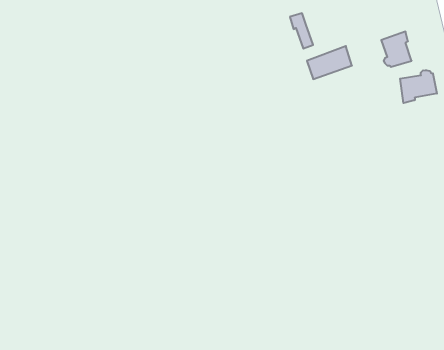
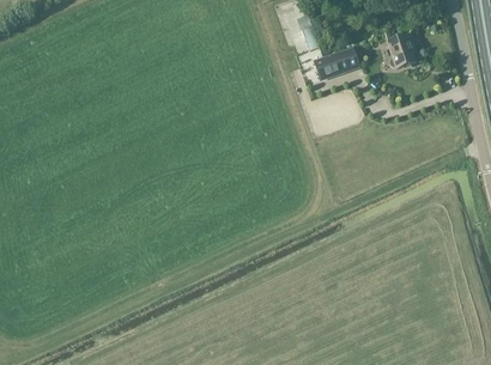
building: [400,70,437,103] -> none

